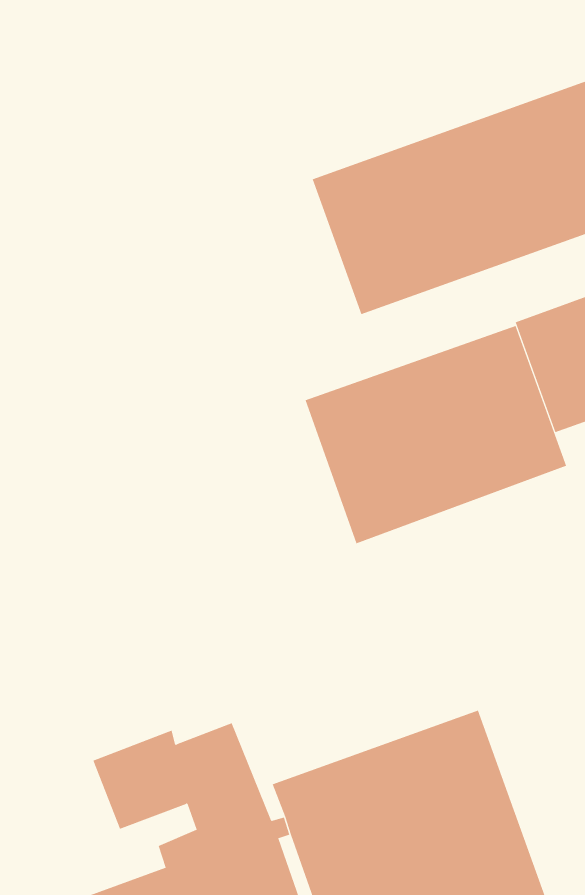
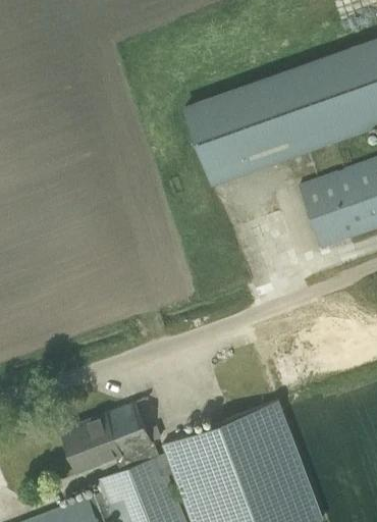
building: [305,325,567,544] -> none

